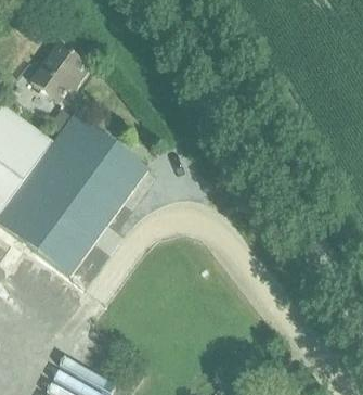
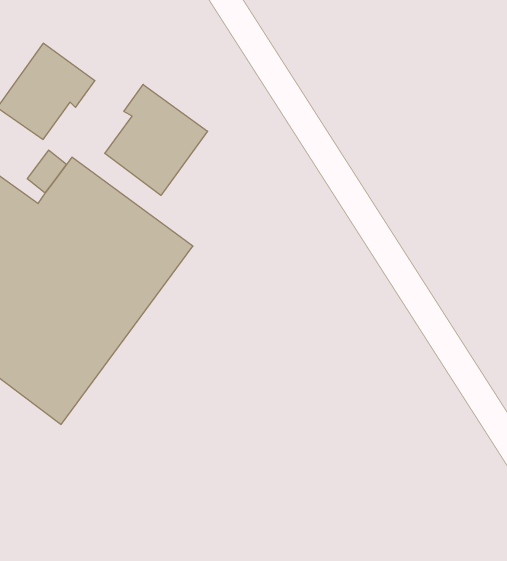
building: none -> [105,84,208,195]

